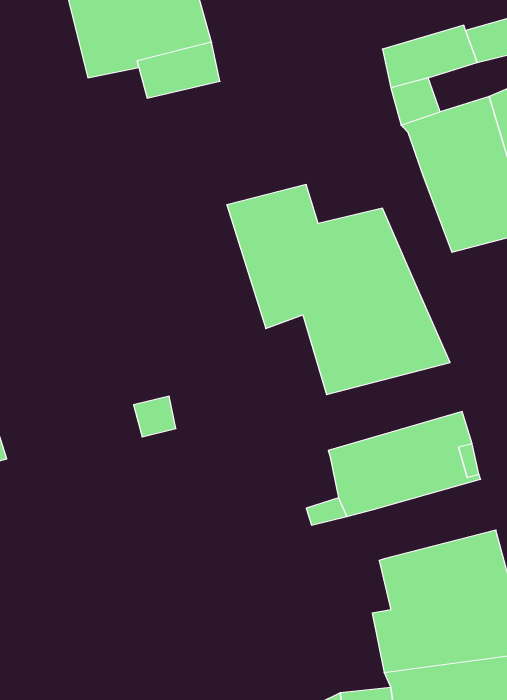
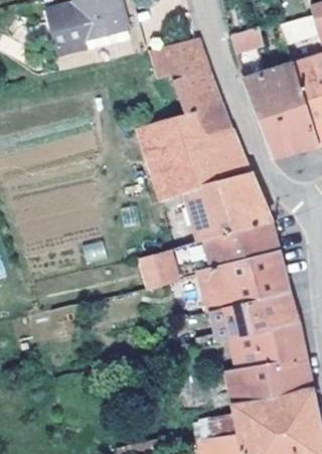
building: none -> [152,36,231,138]
building: none -> [142,220,279,286]
building: none -> [225,290,299,337]

